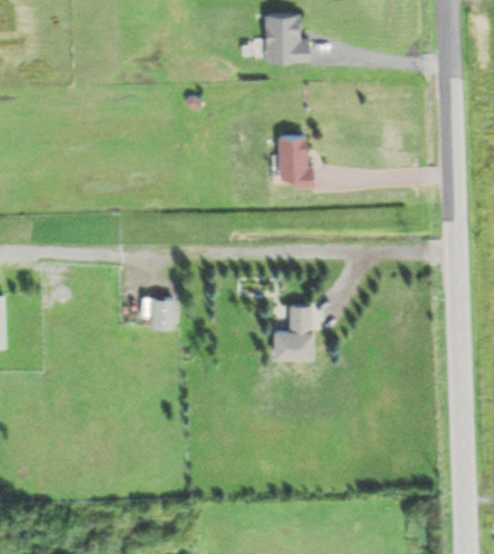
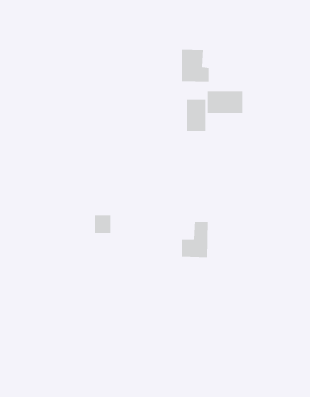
building: [266,13,305,60] -> [181,49,209,83]
building: none -> [207,90,243,114]

